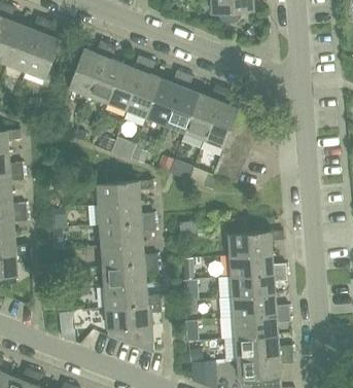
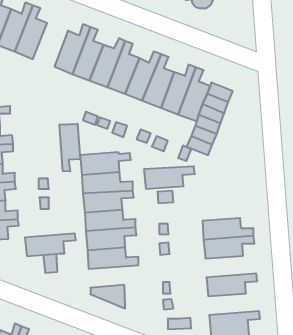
building: none -> [59,124,80,171]
building: [227,232,283,256] -> [144,166,195,189]
building: [233,294,288,318] -> none
building: [105,305,161,329] -> [25,234,76,256]
building: [222,336,291,360] -> none

